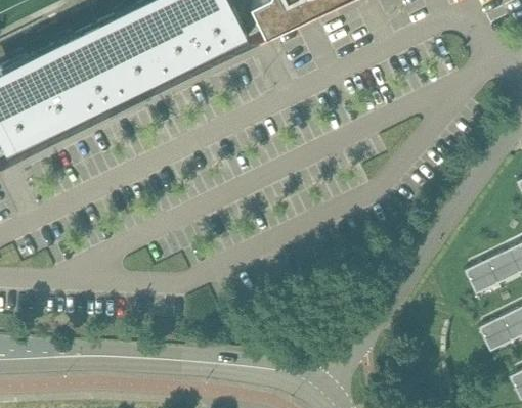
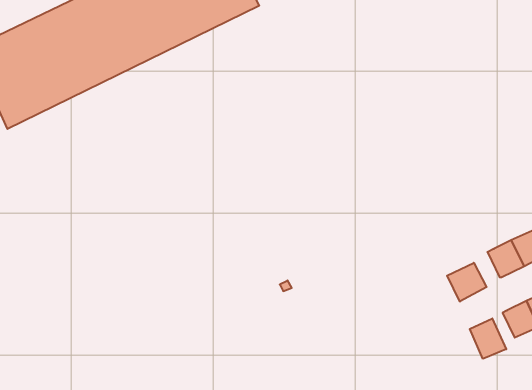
building: none -> [447,263,487,302]
building: none -> [470,318,506,359]

